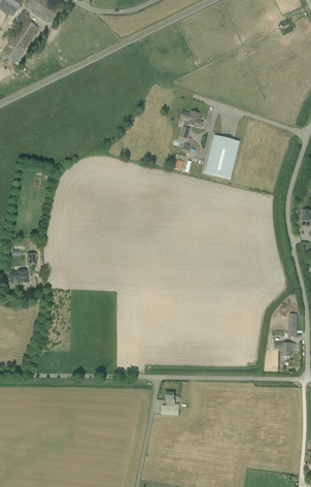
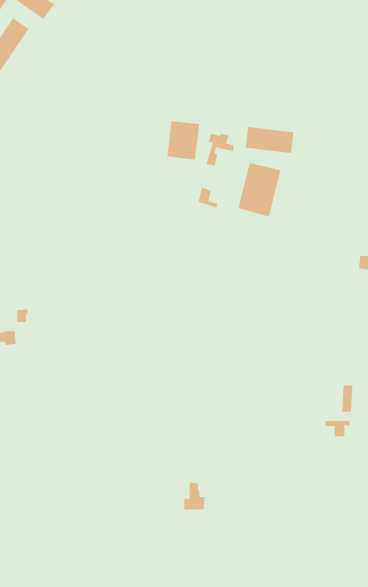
building: none -> [167,121,200,161]
building: none -> [245,126,294,154]

